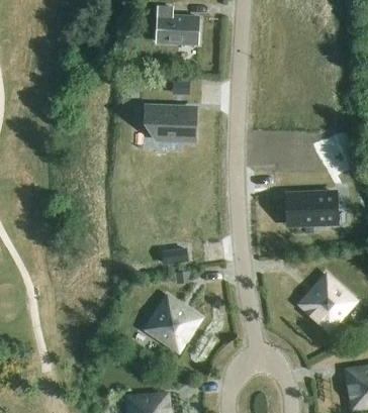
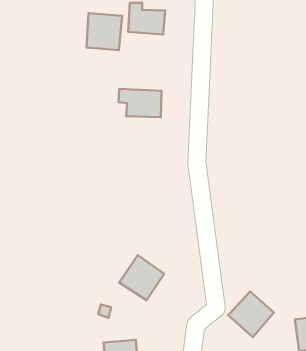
building: none -> [86,13,122,50]
building: [285,194,331,224] -> none
building: [300,276,353,328] -> [228,291,274,337]

